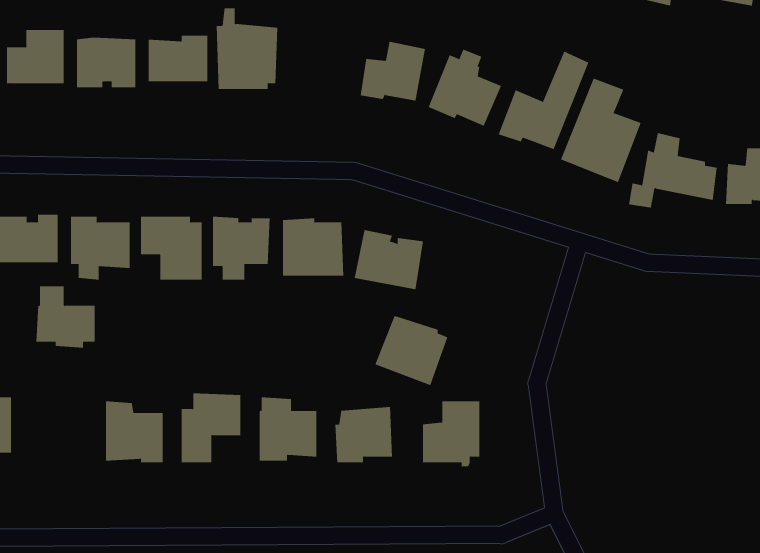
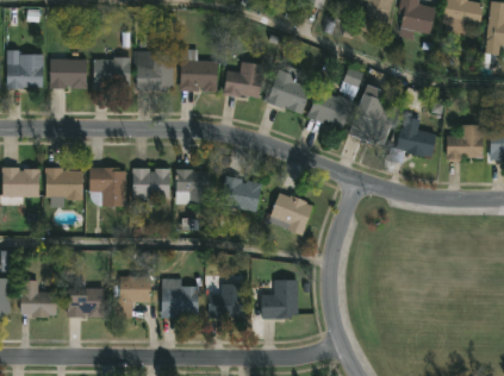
building: none -> [179,49,218,92]
building: [35,286,96,348] -> [20,280,57,318]
building: [374,316,448,386] -> [267,192,312,234]

